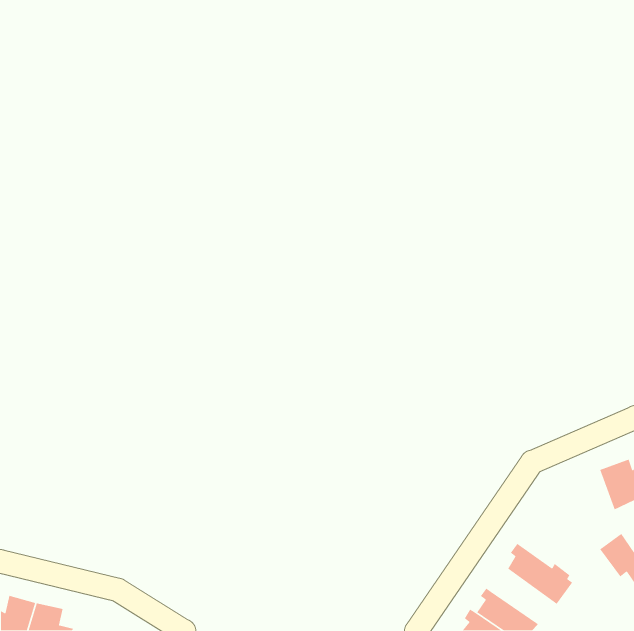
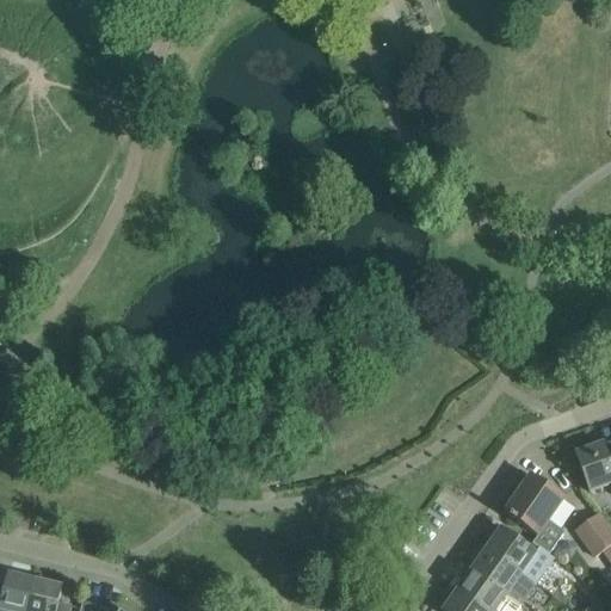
building: none -> [506,473,564,553]
building: none -> [473,543,536,601]

